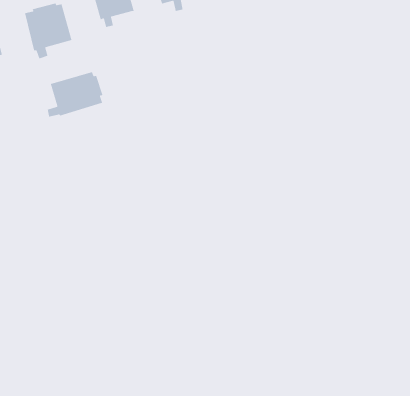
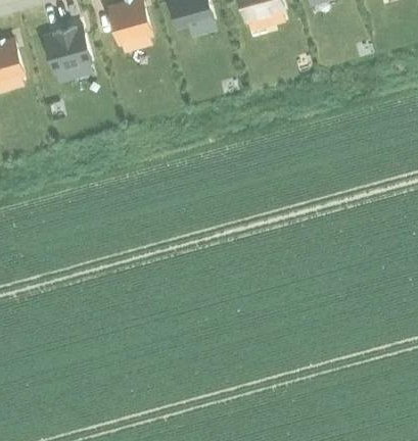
building: [47,71,104,117] -> none

